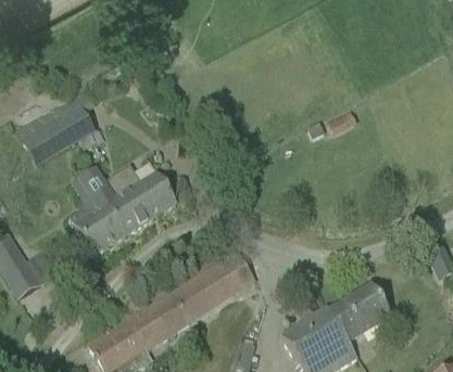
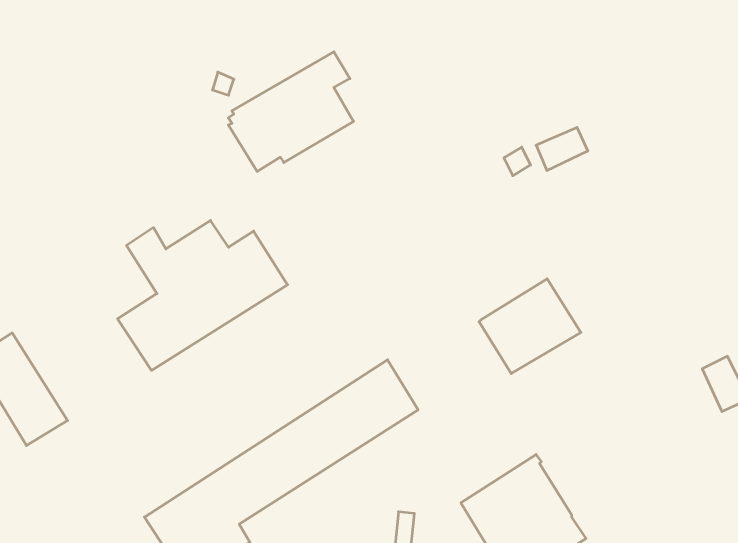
building: [20,89,96,162] -> [228,52,354,171]
building: [330,285,392,343] -> [479,279,581,374]

